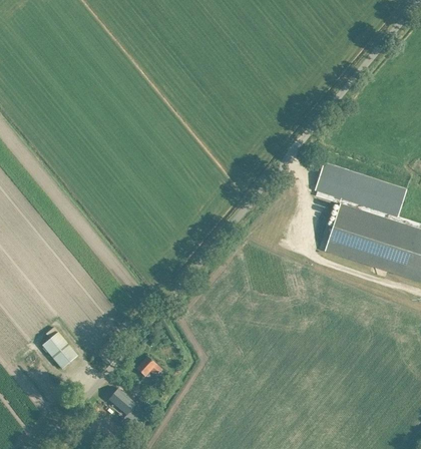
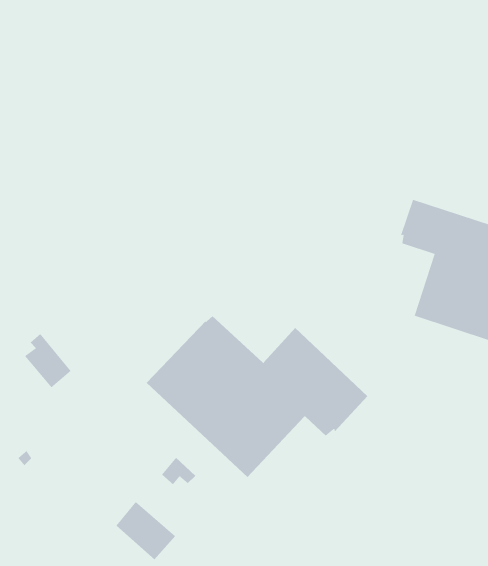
building: none -> [146,315,368,478]
building: [42,327,77,368] -> [24,333,71,388]

